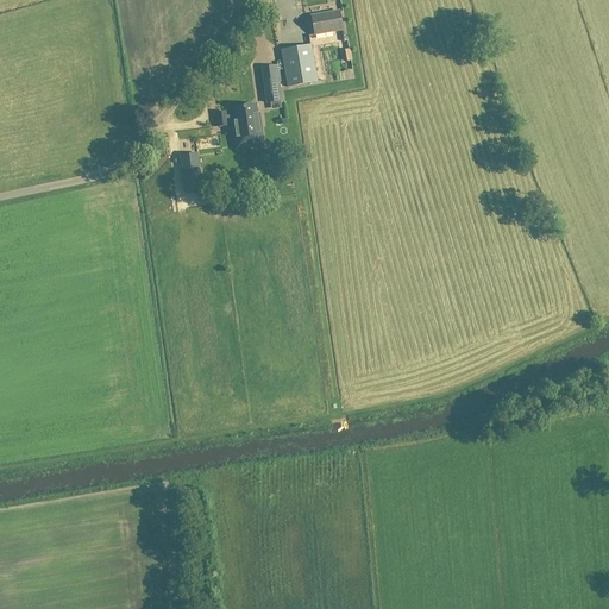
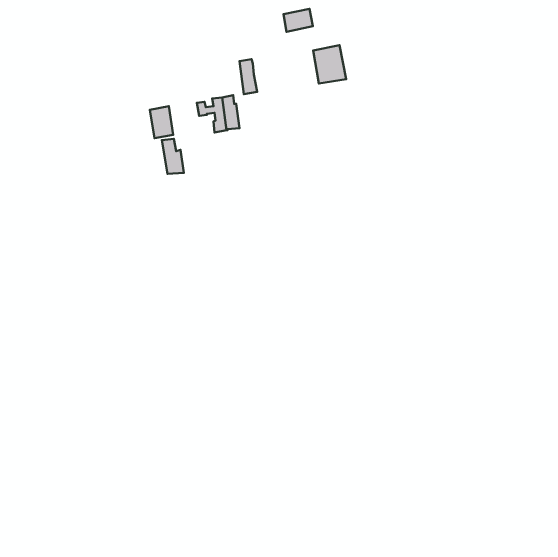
building: [280,44,315,86] -> [313,45,346,83]
building: none -> [150,106,173,138]

